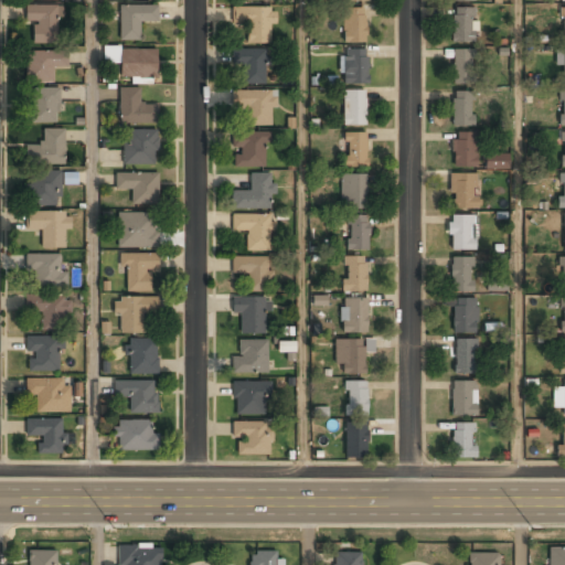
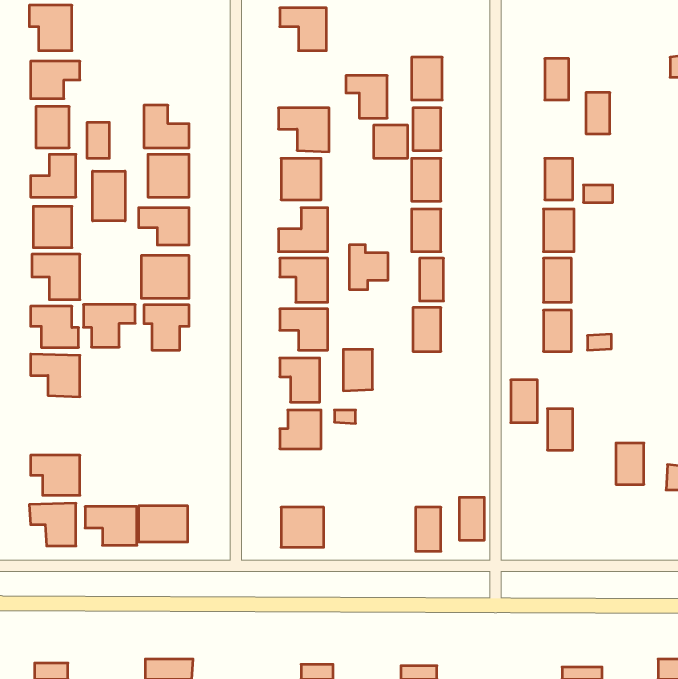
building: [121,4,159,40] -> none
building: [345,6,367,41] -> none
building: [452,7,476,42] -> none
building: [121,49,159,77] -> none
building: [233,49,267,84] -> [346,76,387,118]
building: [454,90,473,125] -> [586,93,610,134]
building: none -> [87,122,109,158]
building: none -> [374,125,407,158]
building: none -> [93,171,125,221]
building: none -> [350,245,388,290]
building: [116,296,159,331] -> [83,305,135,347]
building: [455,297,477,332] -> [511,380,537,423]
building: [343,298,367,332] -> [343,349,373,391]
building: [28,335,62,371] -> none
building: [129,338,159,372] -> none
building: [337,339,365,374] -> none
building: [116,380,159,412] -> [85,507,137,545]
building: [234,380,270,414] -> none
building: [347,380,367,415] -> [459,497,484,540]
building: [454,380,477,414] -> [616,443,644,484]
building: [454,422,477,457] -> none

